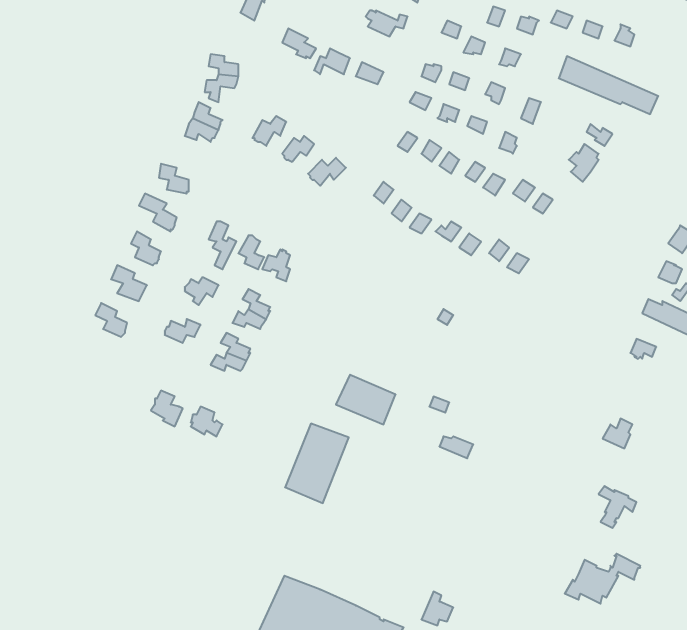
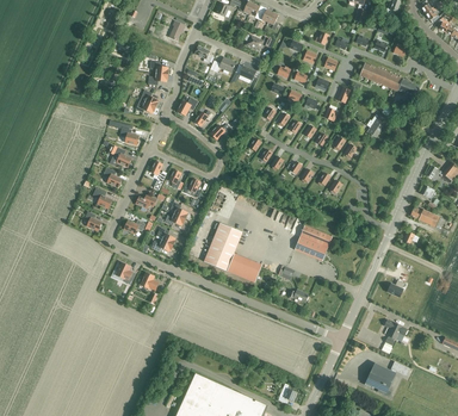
building: none -> [295,224,333,261]
building: [285,424,349,503] -> [204,223,242,271]

